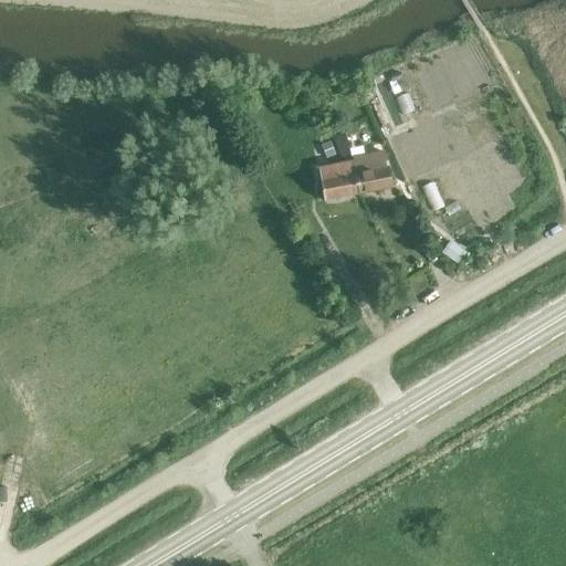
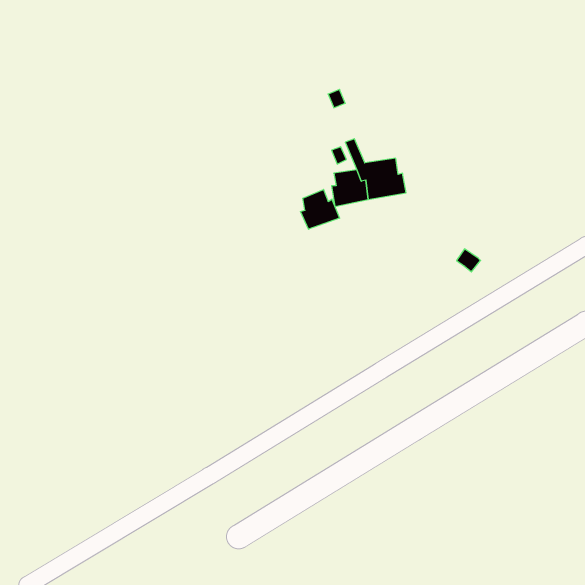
building: none -> [301,189,340,229]

